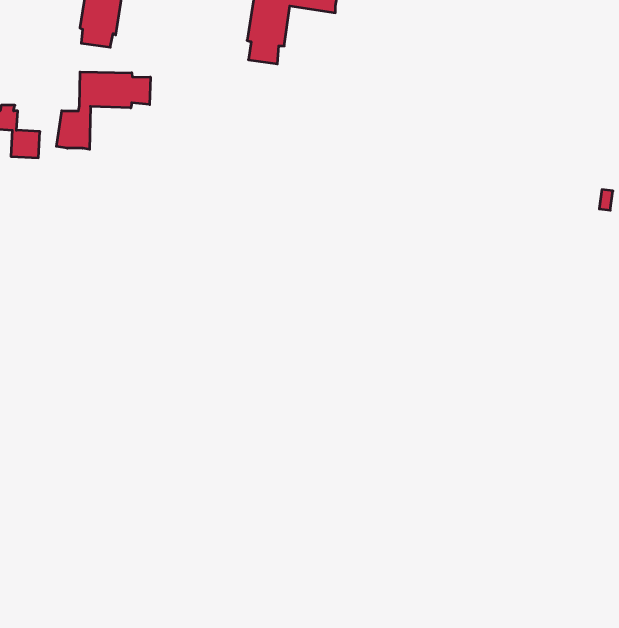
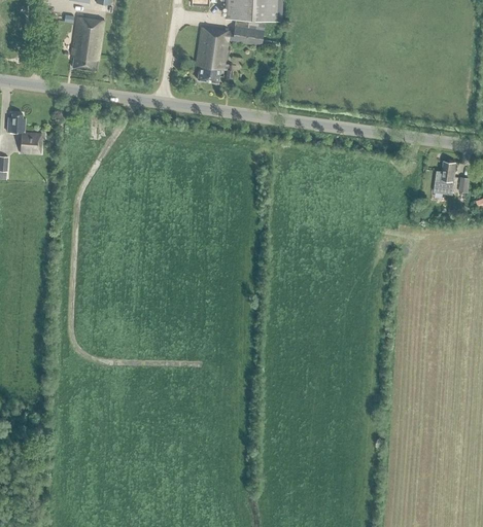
building: [56,72,150,149] -> none
building: none -> [434,160,455,194]

